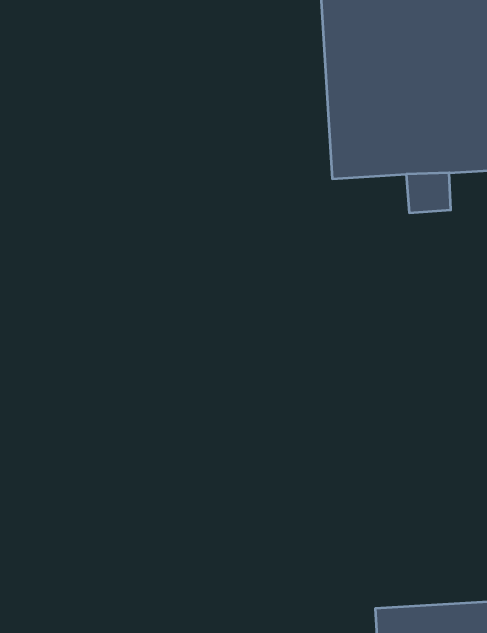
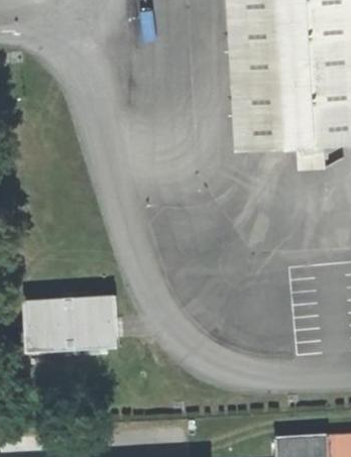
building: none -> [38,296,133,352]

